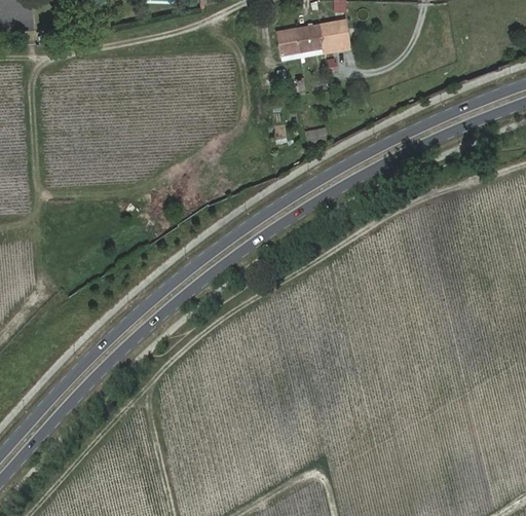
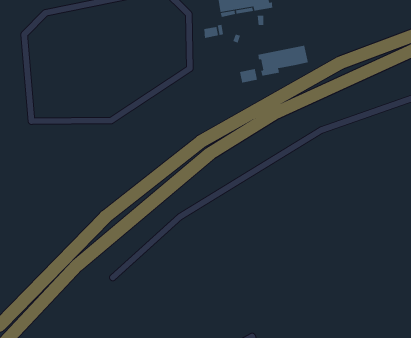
building: none -> [258,45,309,77]

